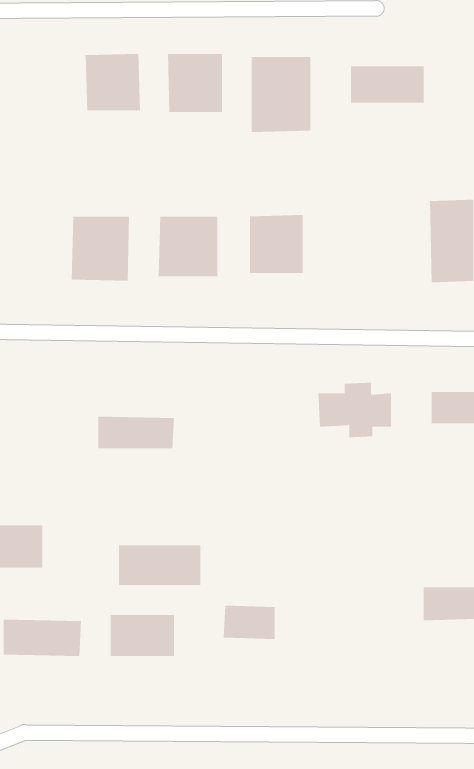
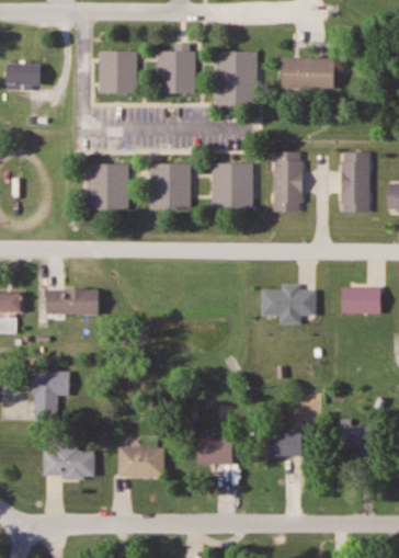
building: none -> [272,155,300,205]
building: [97,416,175,449] -> [42,291,96,314]
building: [119,544,201,586] -> none
building: none -> [269,434,304,456]

